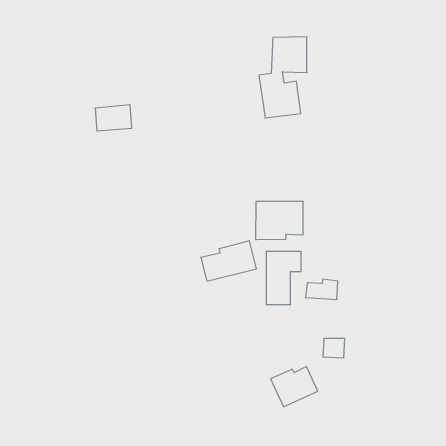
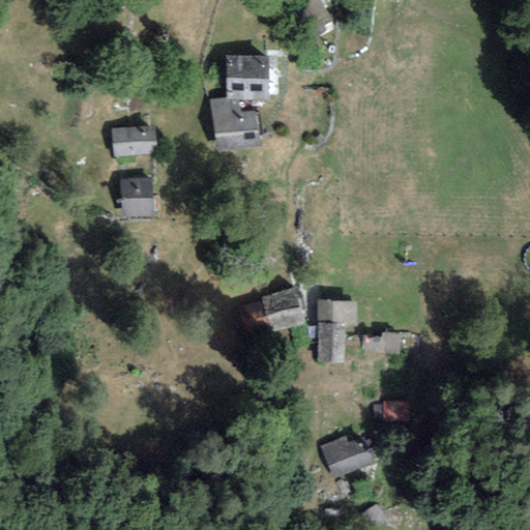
building: [259,37,307,118] -> [211,54,268,150]
building: none -> [120,176,155,216]
building: [256,201,303,240] -> none

